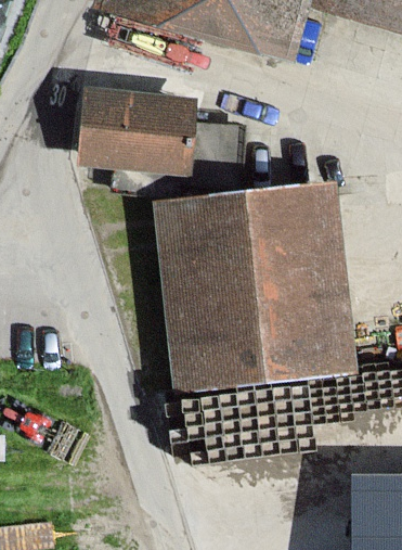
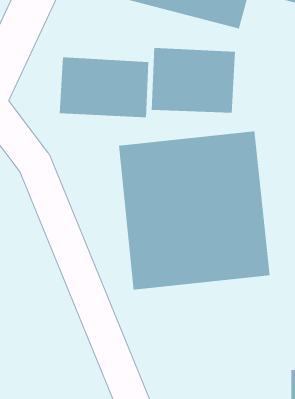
building: none -> [151,47,235,114]

